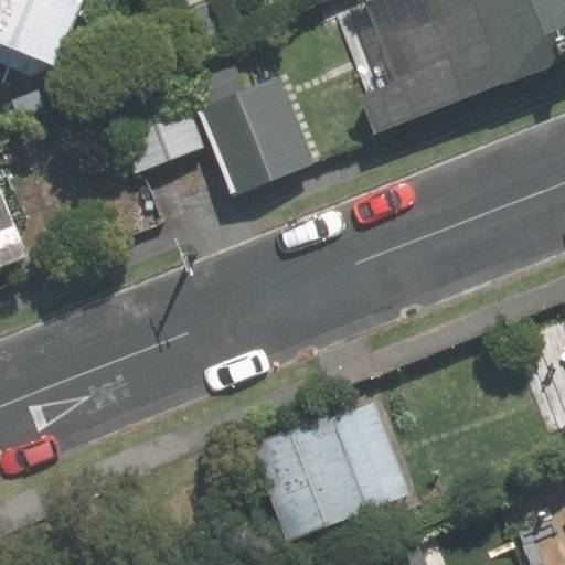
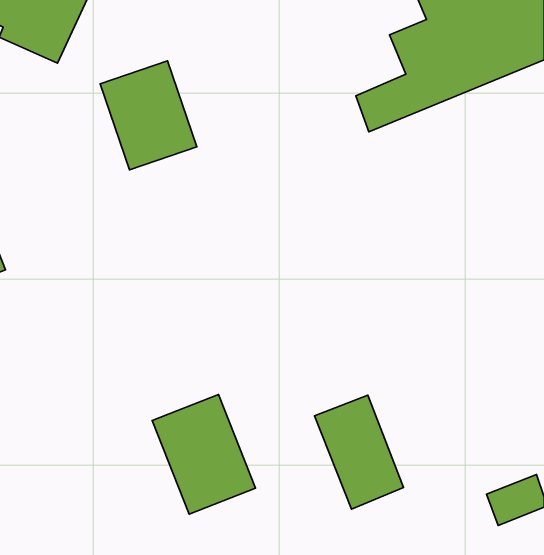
building: [198,77,309,191] -> none
building: [250,422,355,543] -> [152,395,255,514]

